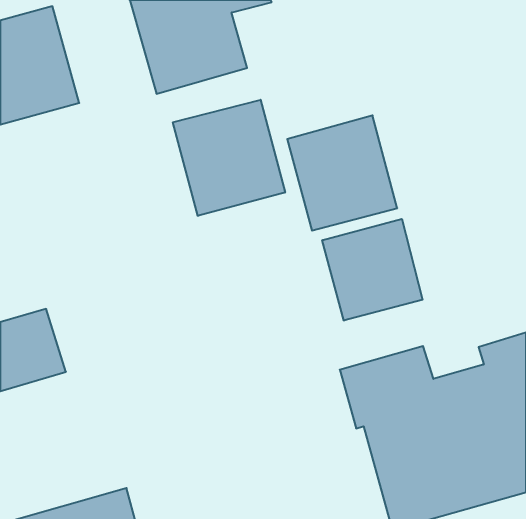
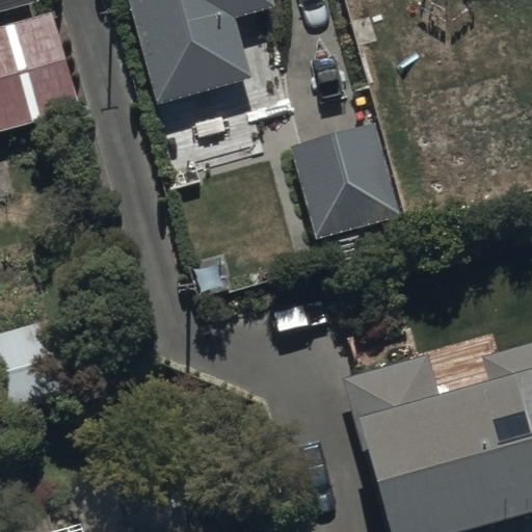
building: [173,100,285,216] -> none
building: [322,219,423,321] -> none

